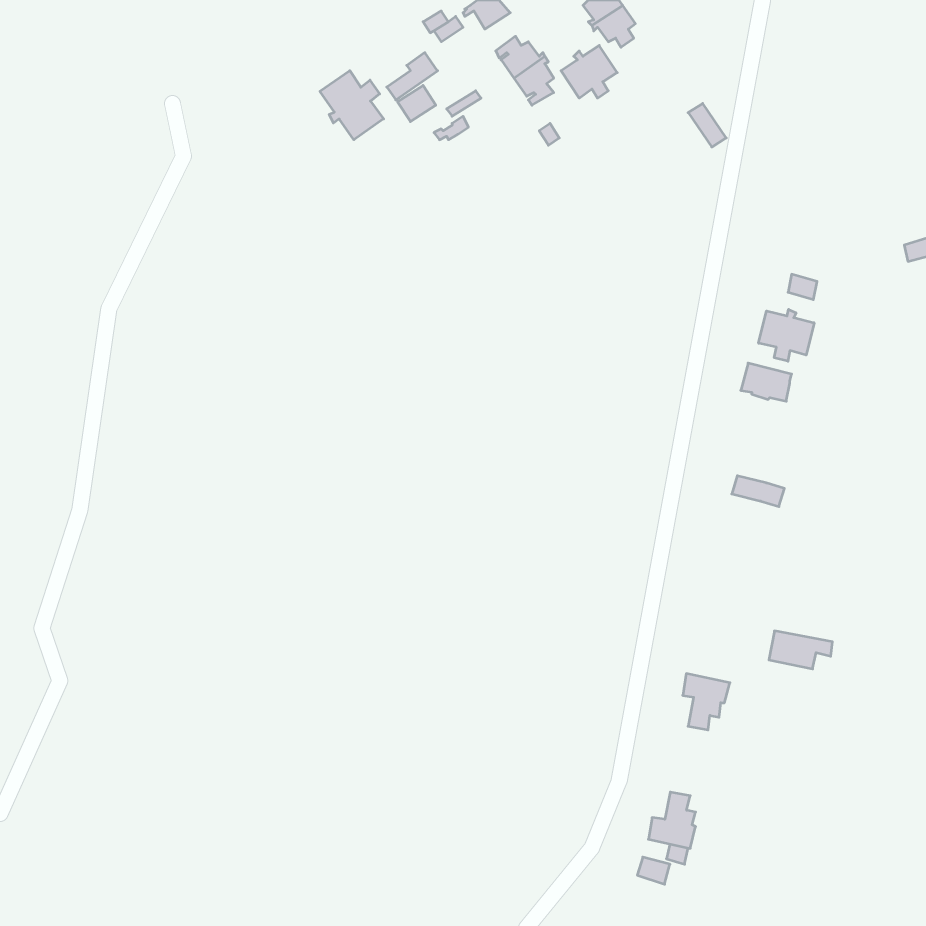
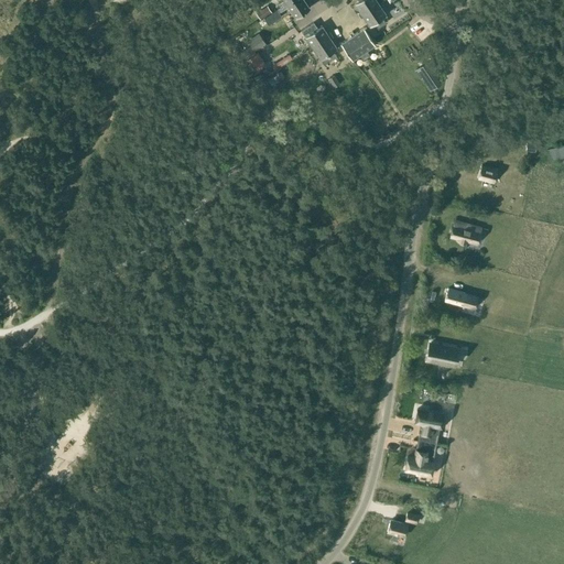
building: [320,71,384,140] -> none
building: [759,309,814,361] -> none
building: [769,631,832,669] -> [427,344,466,367]
building: [648,792,696,848] -> [405,442,434,476]

